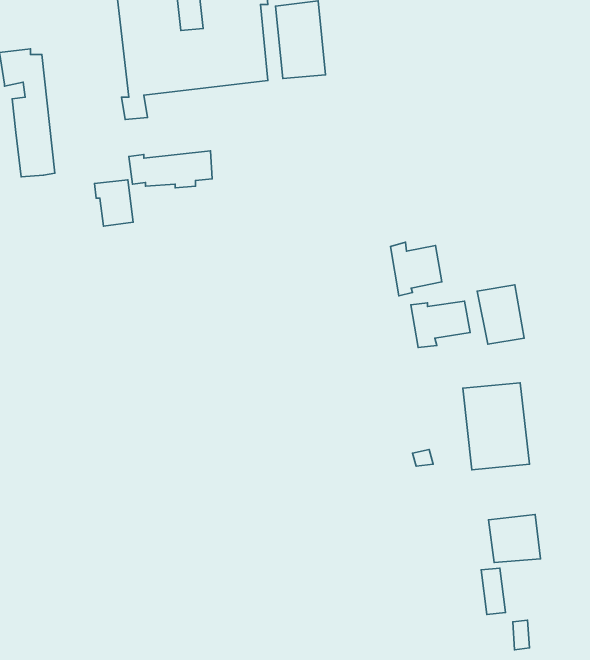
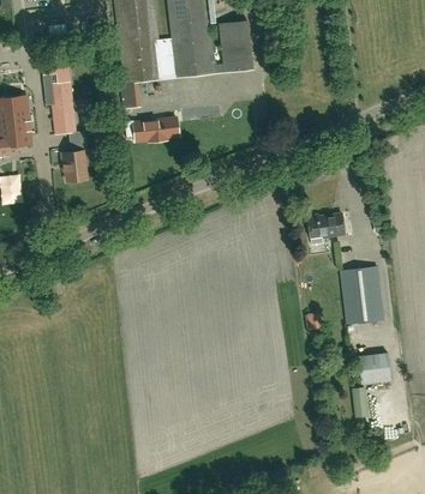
building: [94,180,133,226] -> [61,151,86,181]
building: [390,242,442,296] -> none
building: [477,285,524,344] -> none

